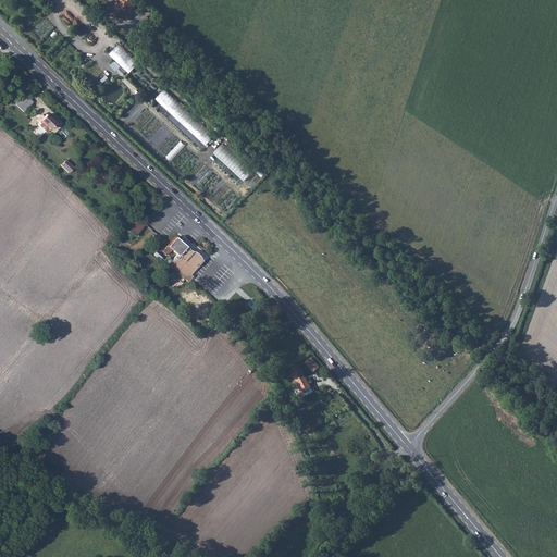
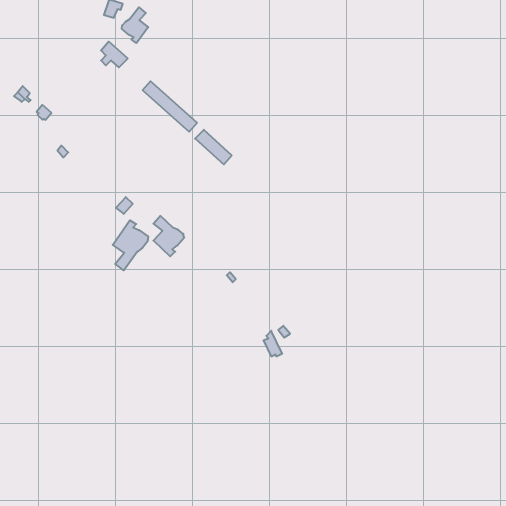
building: none -> [122,7,148,43]
building: none -> [113,220,148,270]

